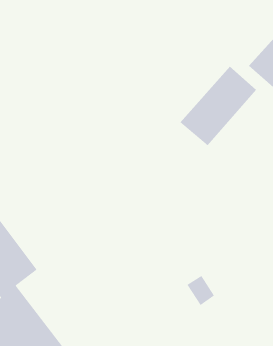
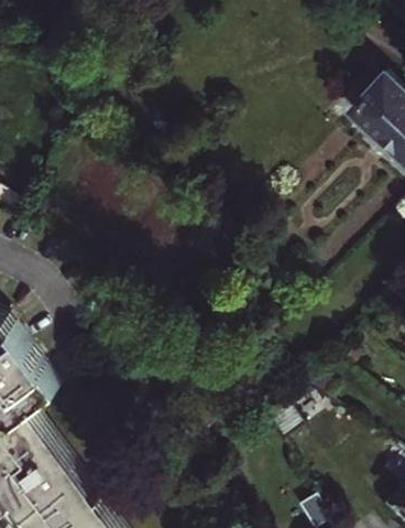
building: [180,66,257,146] -> none

